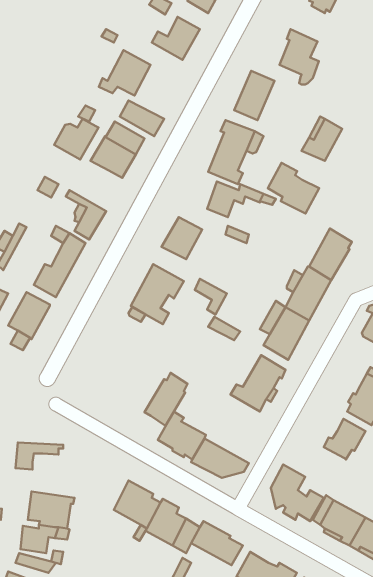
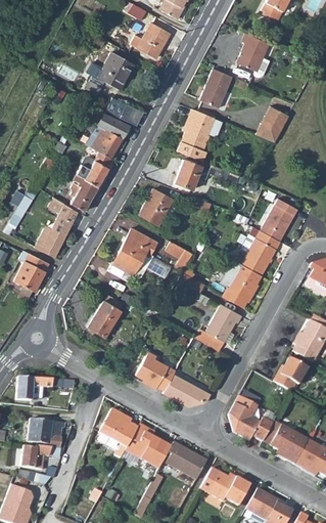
building: [54,119,98,159] -> [72,150,108,184]
building: [268,163,319,213] -> none
building: [145,373,188,426] -> [88,294,124,338]

